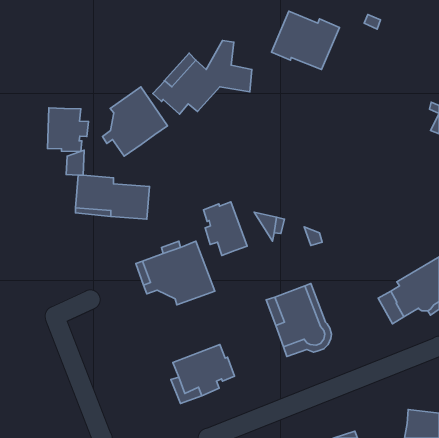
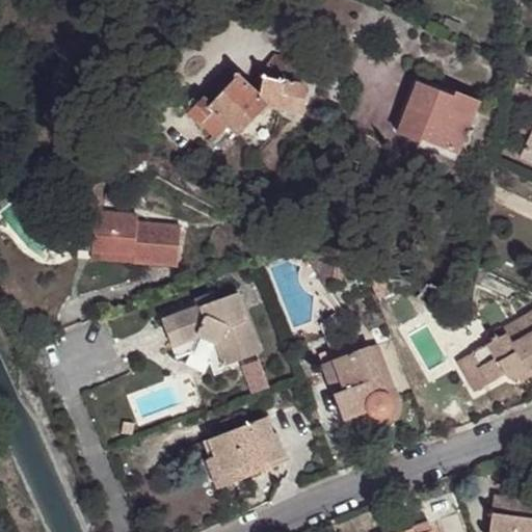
building: [272,11,339,69] -> [397,82,479,153]
building: [102,87,168,156] -> none
building: [48,108,89,151] -> none
building: [203,202,247,256] -> none

